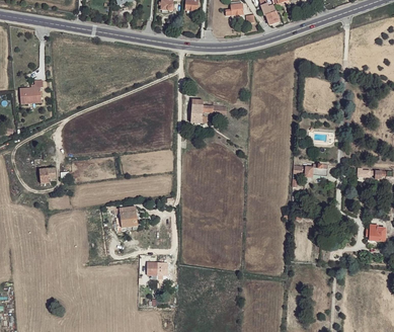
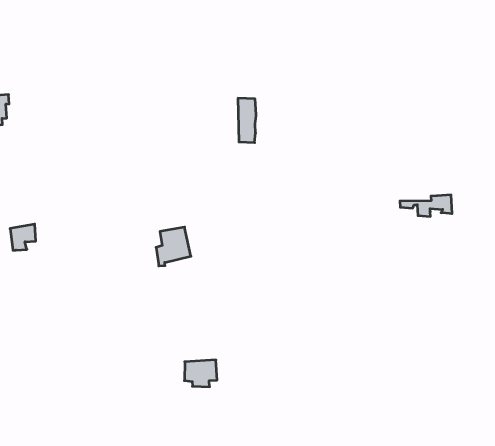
building: [116,205,139,230] -> [156,227,191,266]

